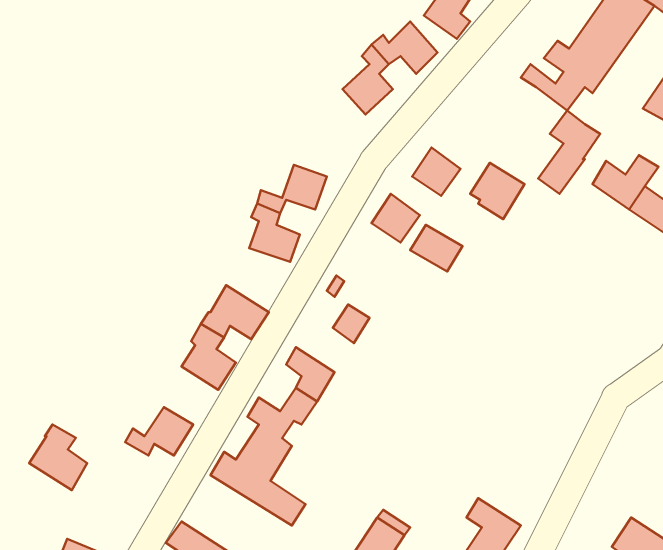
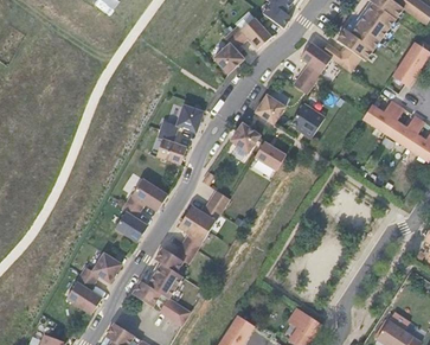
building: [538,111,600,194] -> [294,43,332,94]
building: none -> [185,204,220,231]
building: [29,424,87,490] -> [66,274,102,314]

